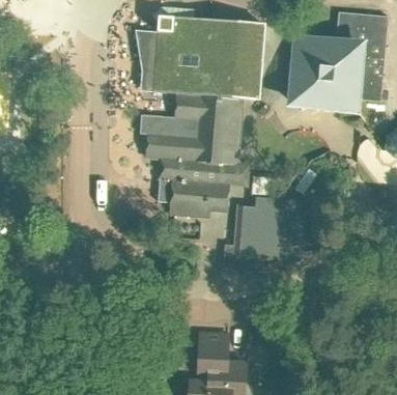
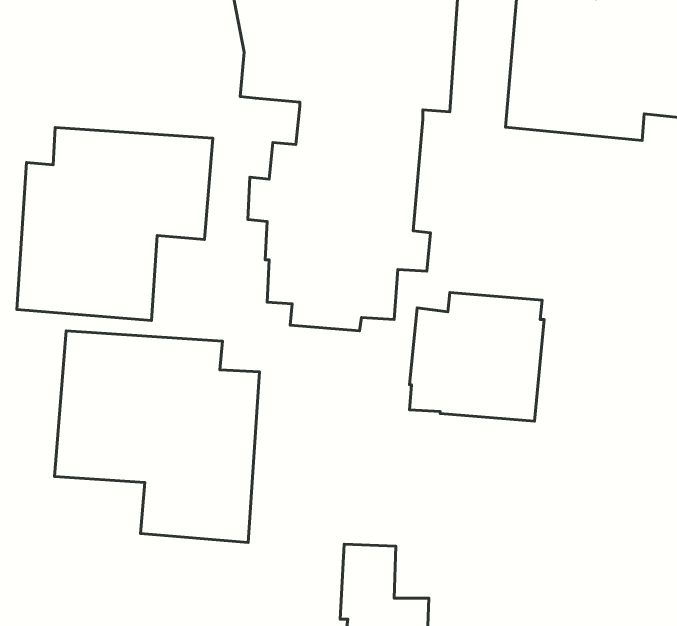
building: none -> [17,127,213,320]
building: none -> [55,331,260,542]

